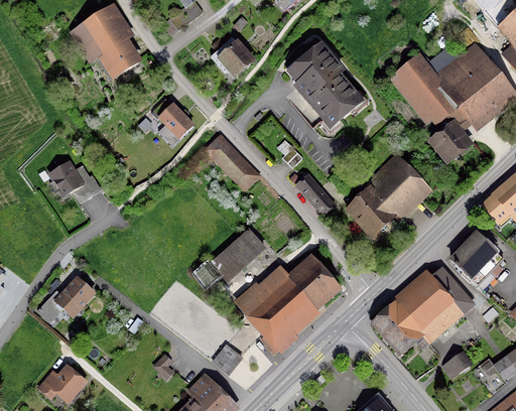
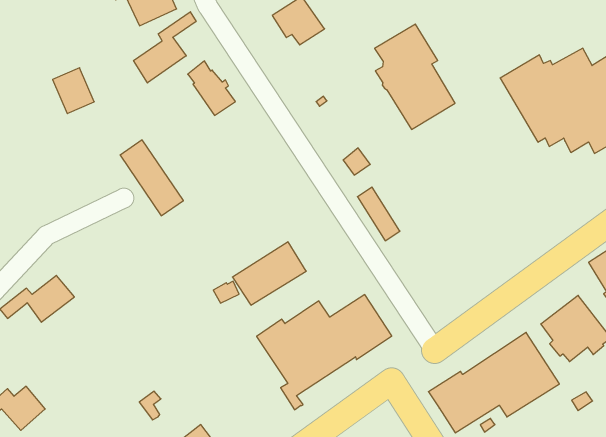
building: none -> [134,12,196,83]
building: [431,117,470,160] -> none
building: [208,133,261,188] -> [120,140,183,216]
building: [349,153,426,236] -> none
building: [48,161,83,197] -> [53,68,94,114]
building: [213,344,242,373] -> none

